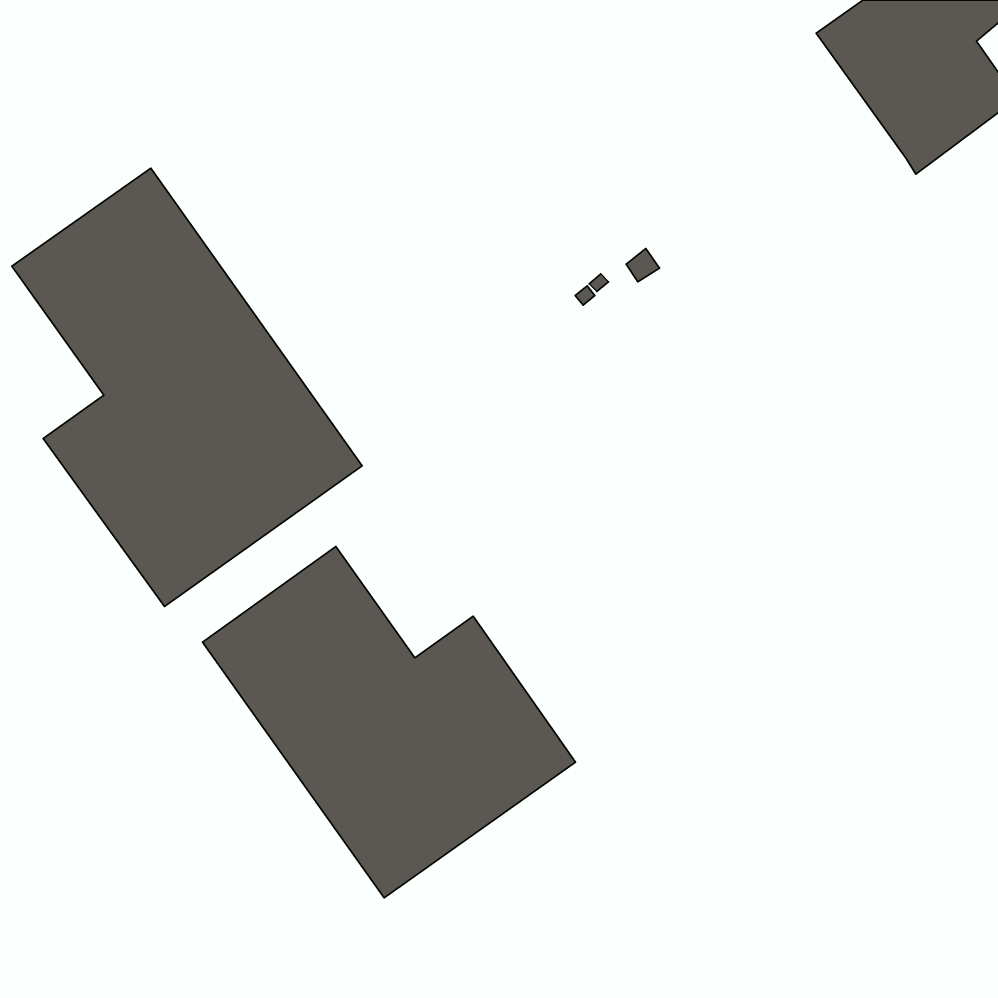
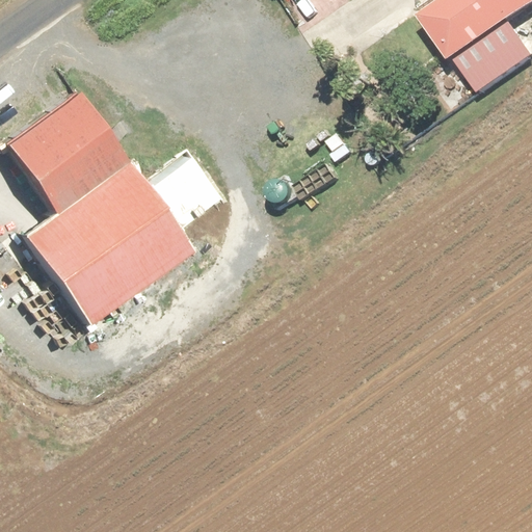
building: [203,547,575,898] -> none

